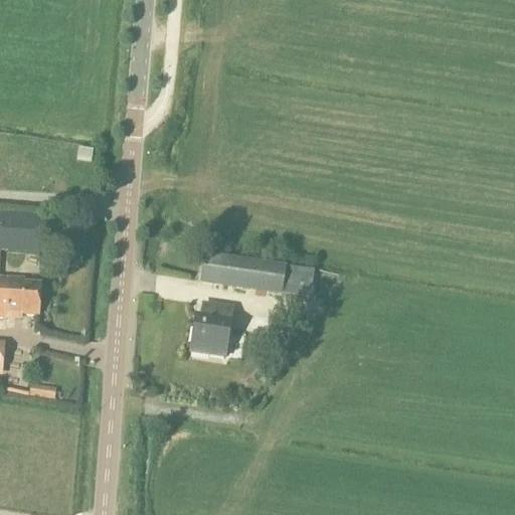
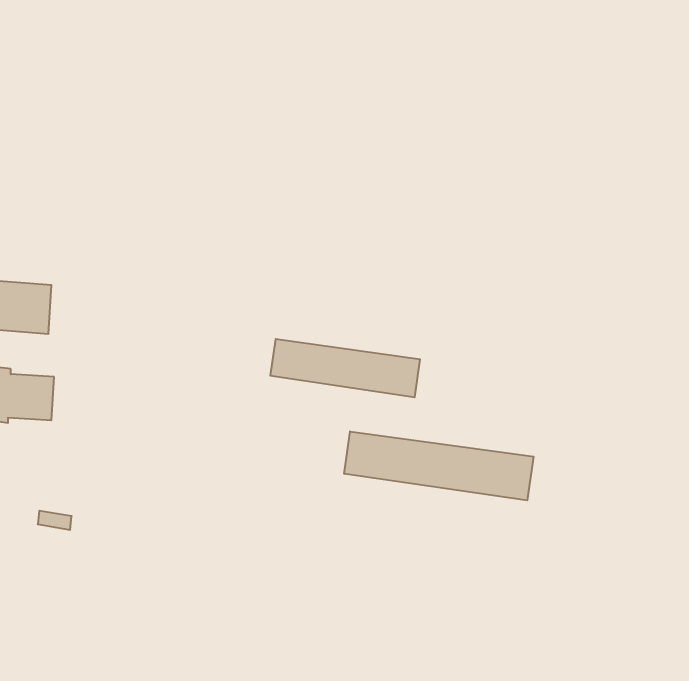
building: [190,300,231,354] -> none
building: none -> [344,431,534,500]

